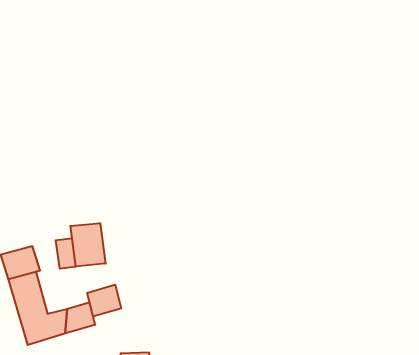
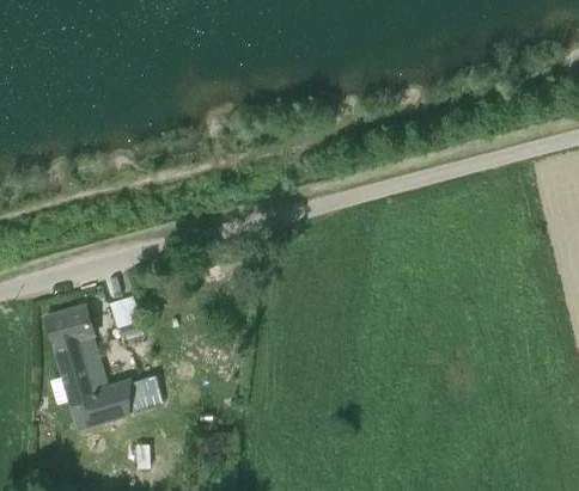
building: [70,223,106,266] -> none
building: [87,285,121,317] -> none

